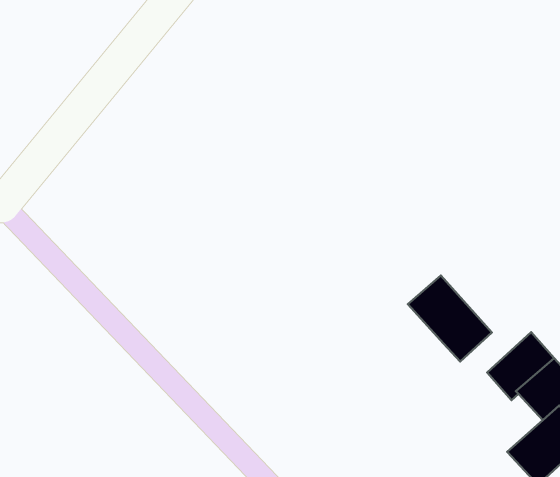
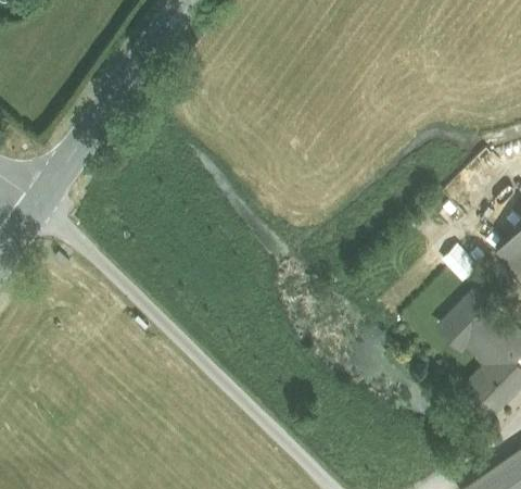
building: [408,275,492,361] -> none

